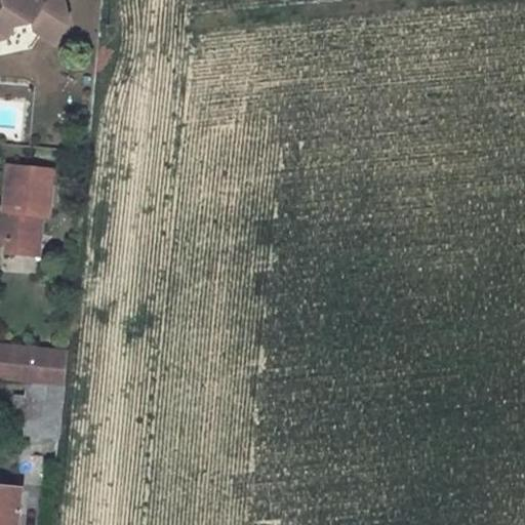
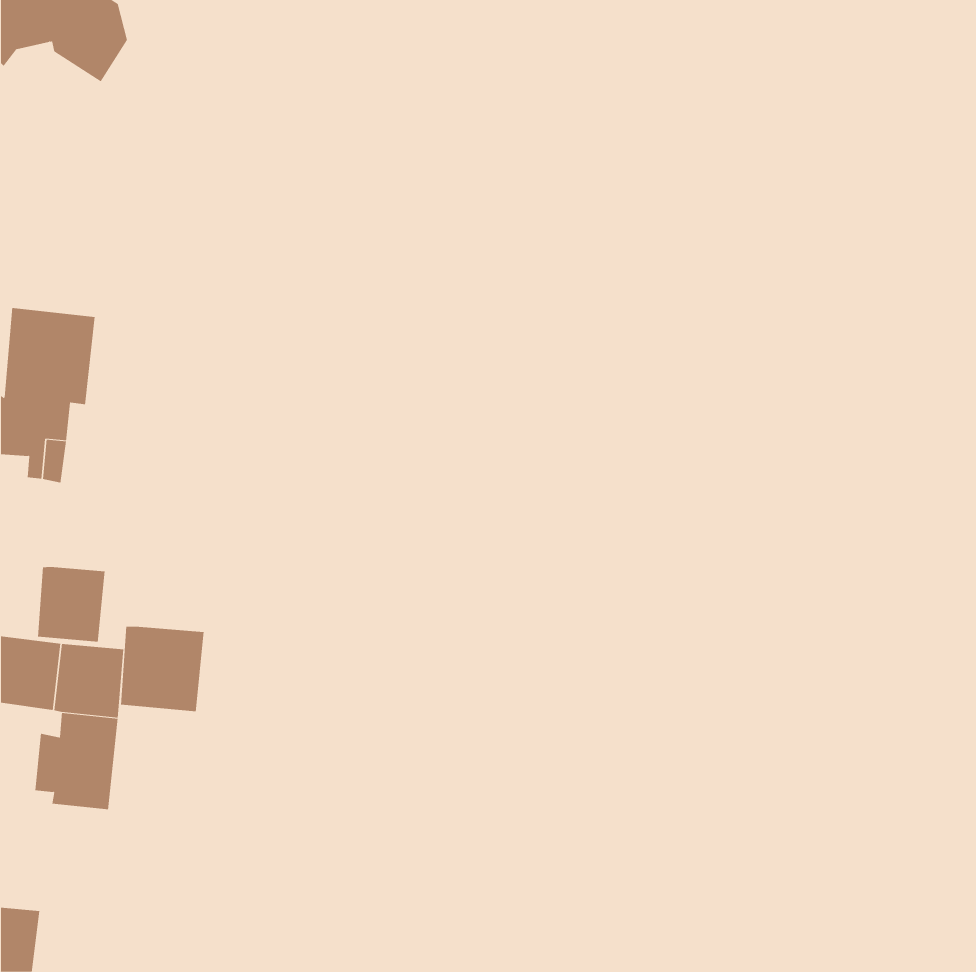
building: none -> [38,566,105,643]
building: none -> [120,626,204,712]

